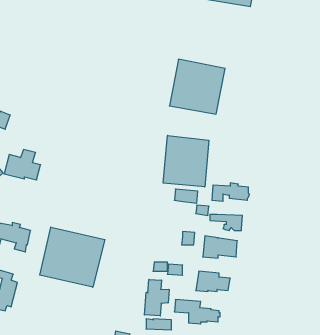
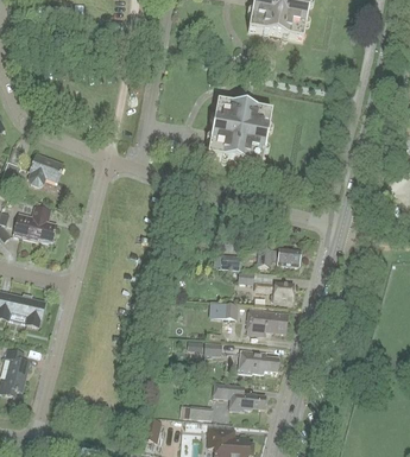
building: none -> [29,153,64,185]
building: [163,135,209,187] -> none
building: [40,227,105,287] -> none
building: [144,279,169,316] -> none

